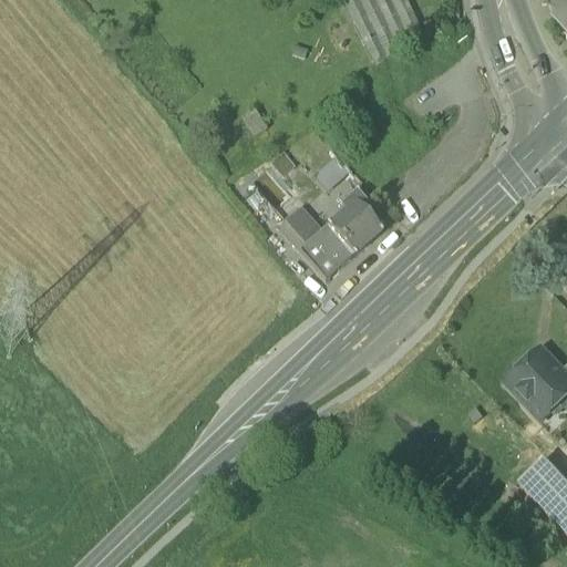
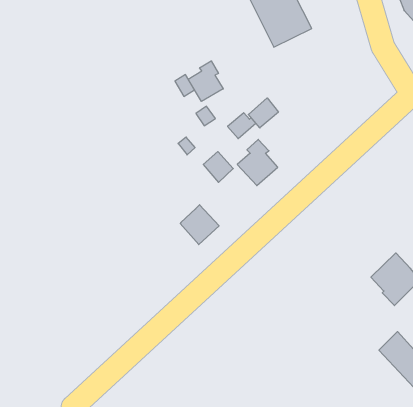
building: none -> [188,61,223,101]
building: none -> [248,98,278,128]
building: [299,225,352,279] -> [180,205,219,245]

